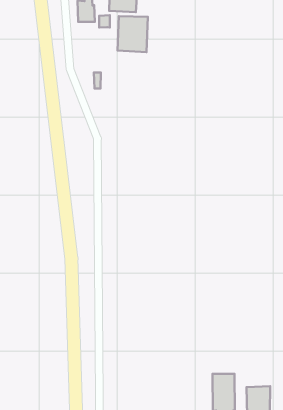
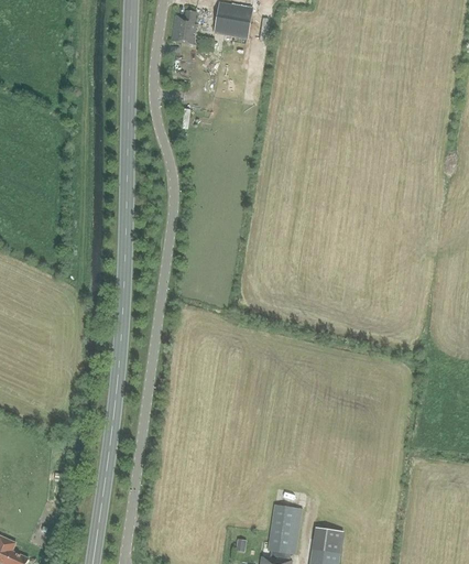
building: [118,16,148,52] -> none

